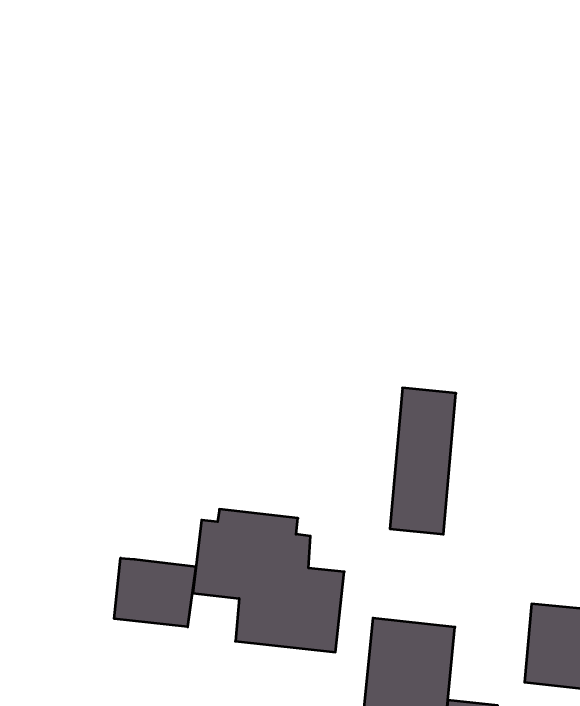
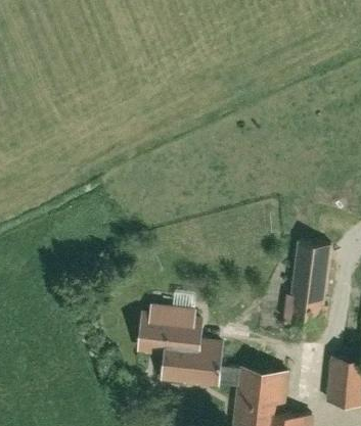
building: [390,388,456,534] -> [290,242,328,326]
building: [114,558,196,627] -> none

